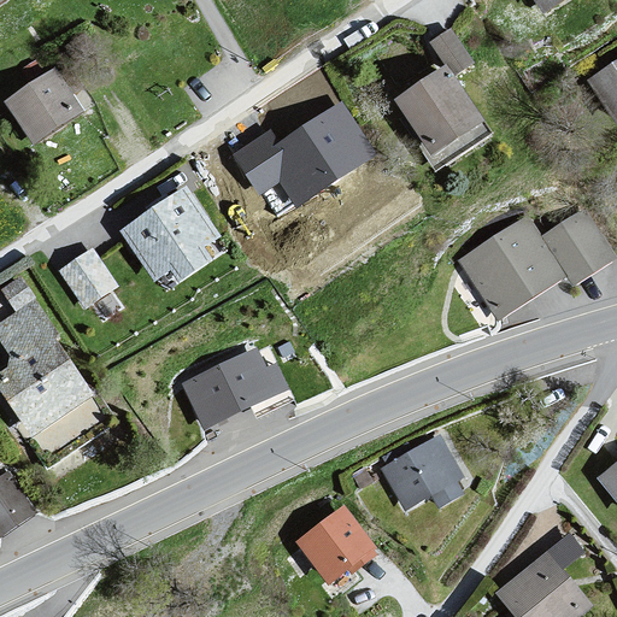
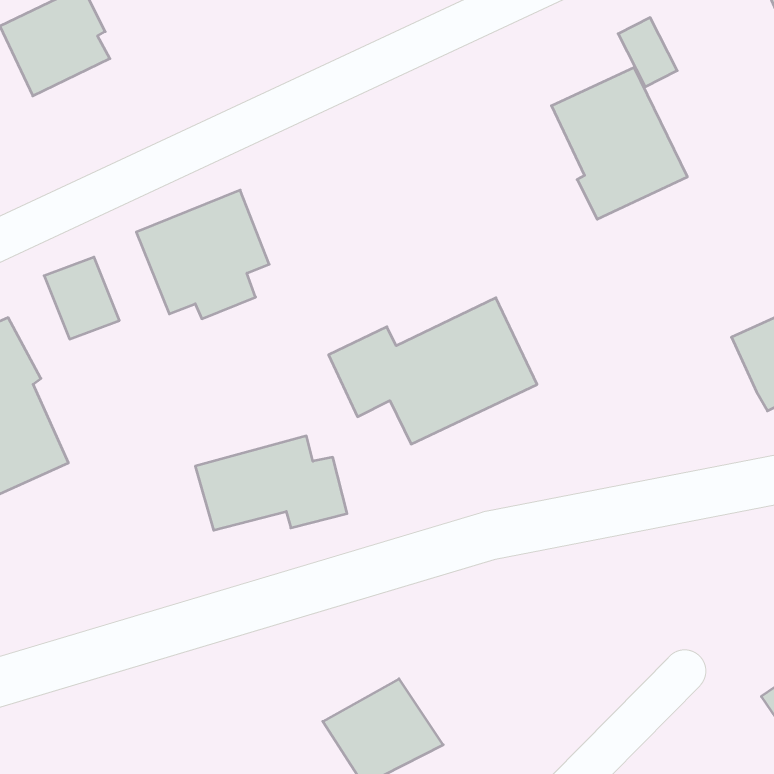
building: [231,98,378,207] -> [329,298,537,444]
building: [453,213,563,319] -> none
building: [381,435,463,511] -> none

